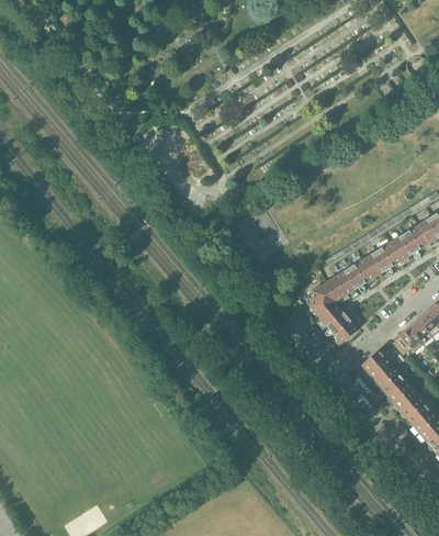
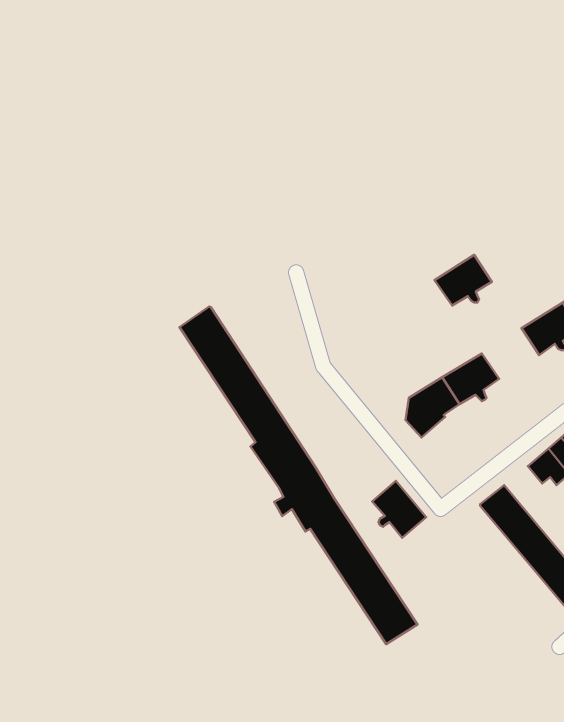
building: none -> [180,307,417,644]
building: [362,242,402,277] -> [435,255,492,306]
building: [320,303,358,343] -> [372,481,426,538]

